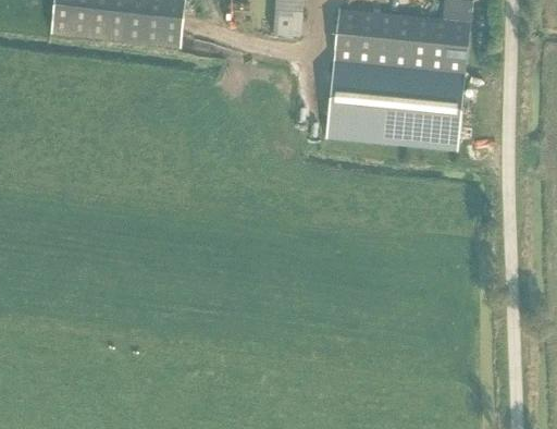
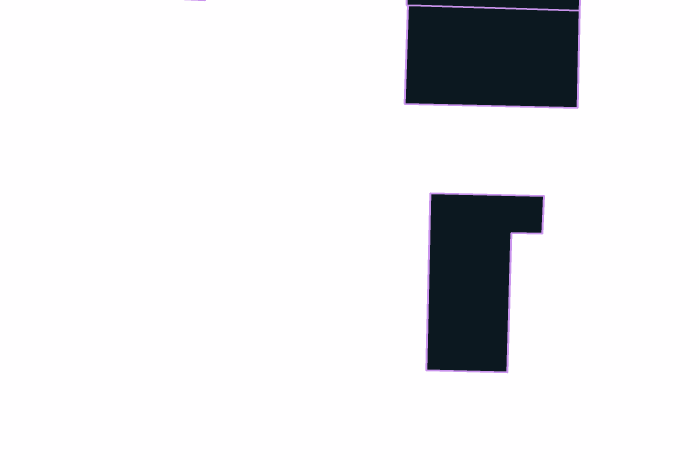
building: none -> [426,193,544,372]

